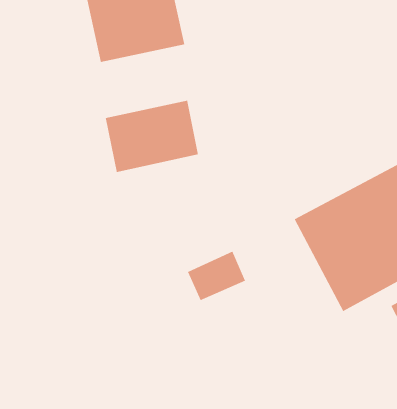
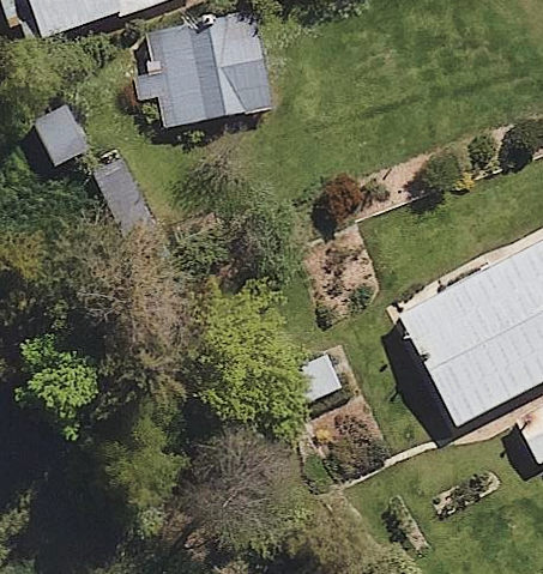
building: [105,100,199,173] -> none

